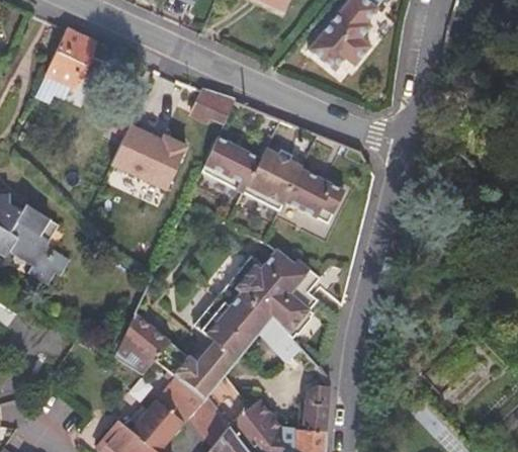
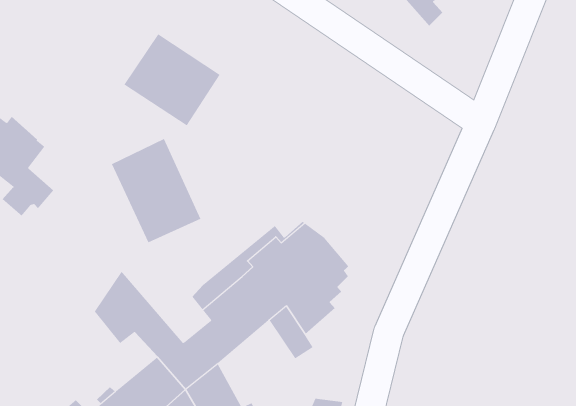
building: [191,91,234,123] -> none
building: [203,138,341,223] -> none
building: none -> [111,138,201,243]

